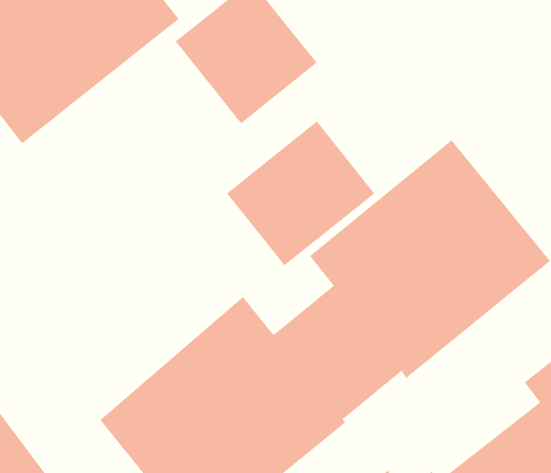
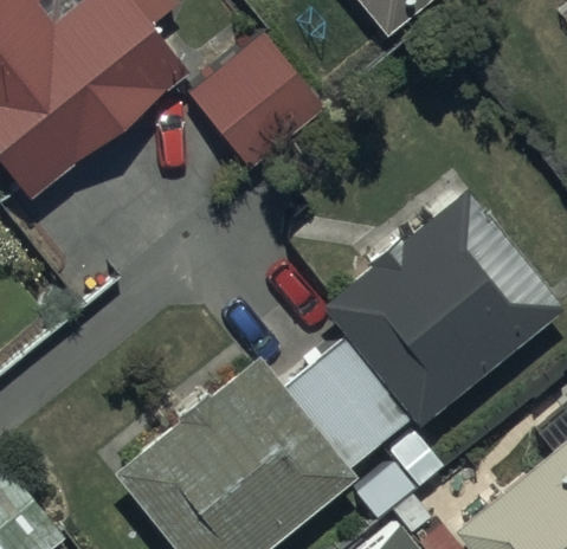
building: [226,121,375,266] -> none

